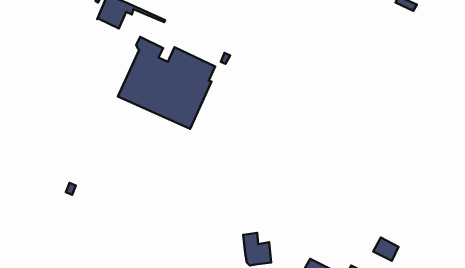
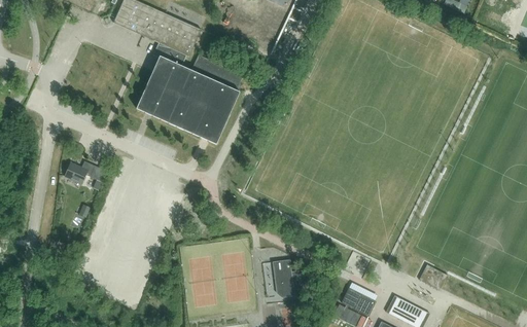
building: none -> [137,11,201,57]
building: none -> [65,160,105,183]

